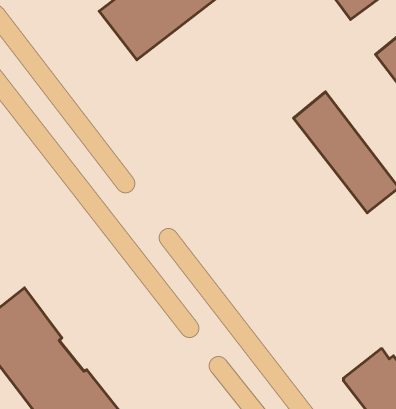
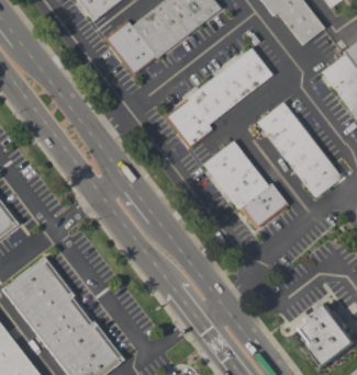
building: none -> [165,48,272,149]
building: none -> [204,141,289,229]

